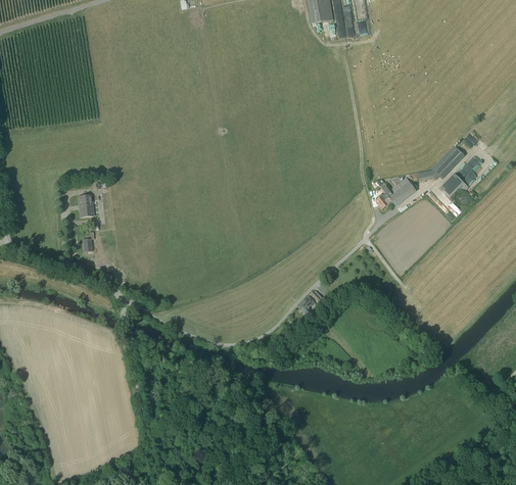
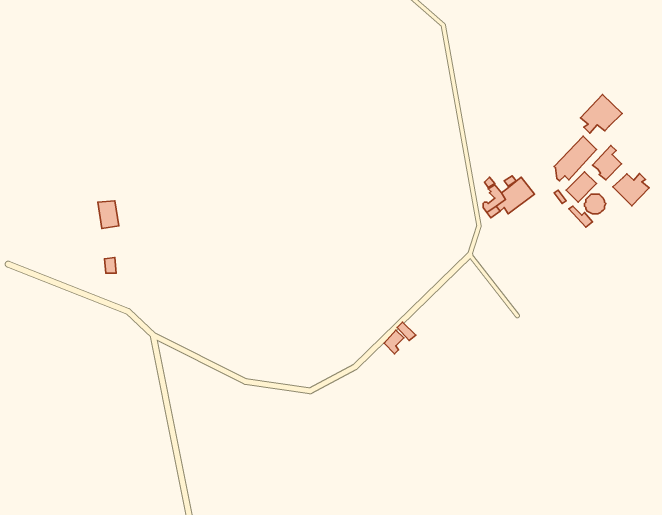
building: none -> [581,95,622,133]
building: none -> [613,174,649,206]

